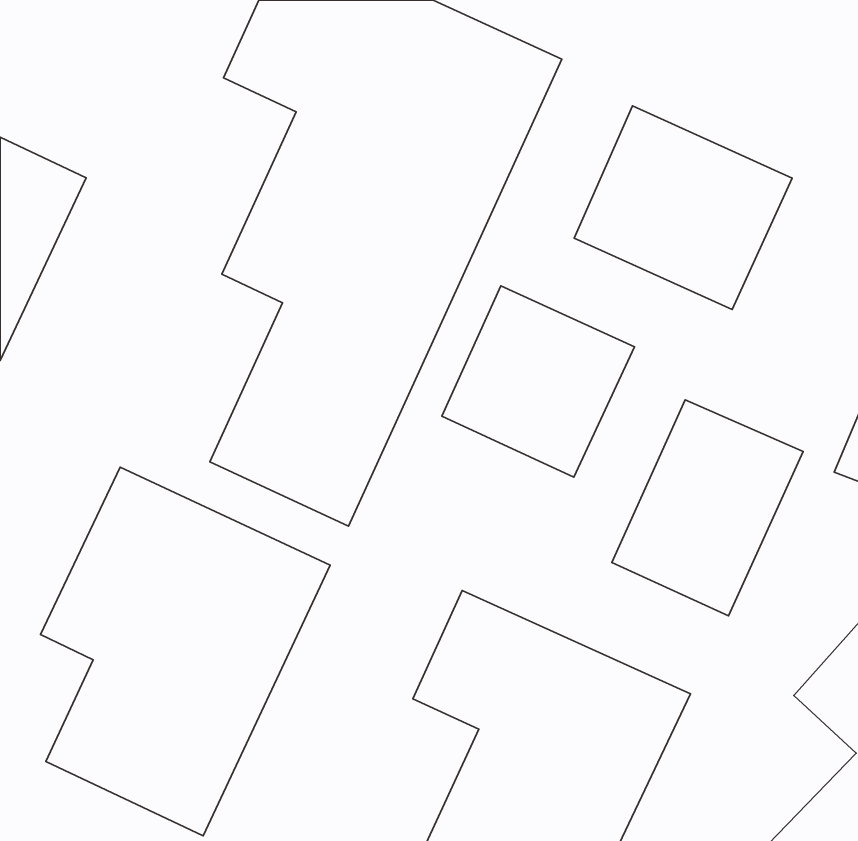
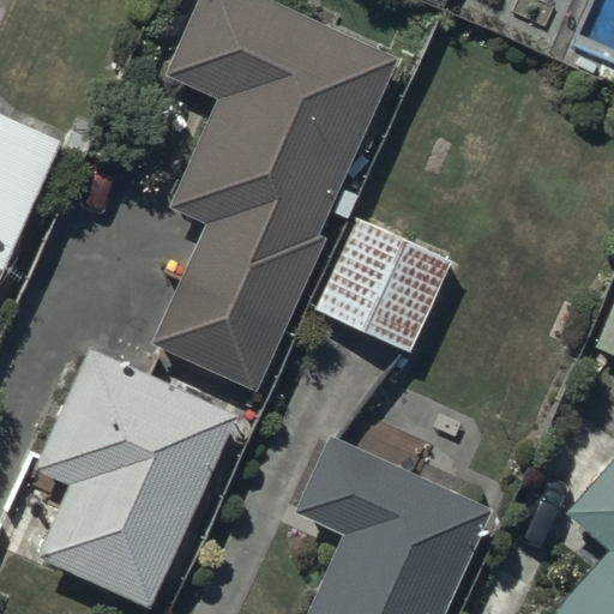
building: [574,106,792,309] -> none
building: [612,400,803,616] -> none

